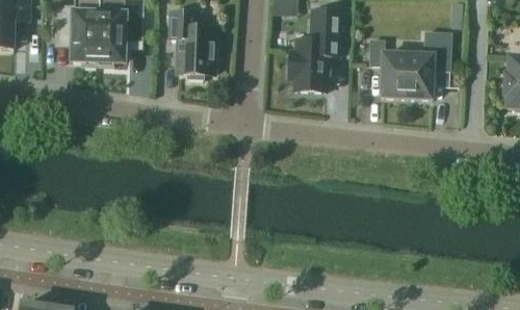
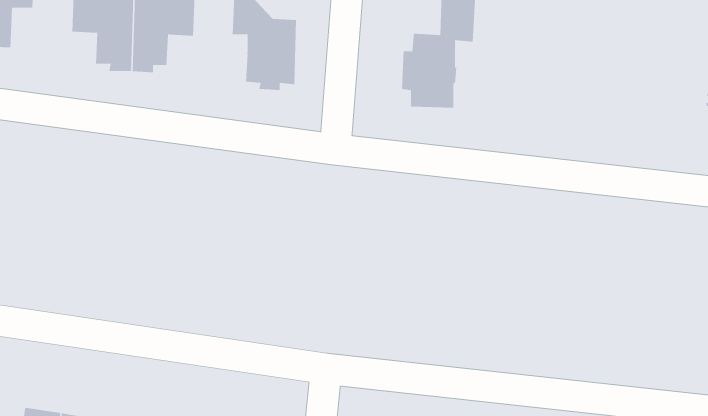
building: [369,31,450,99] -> none

